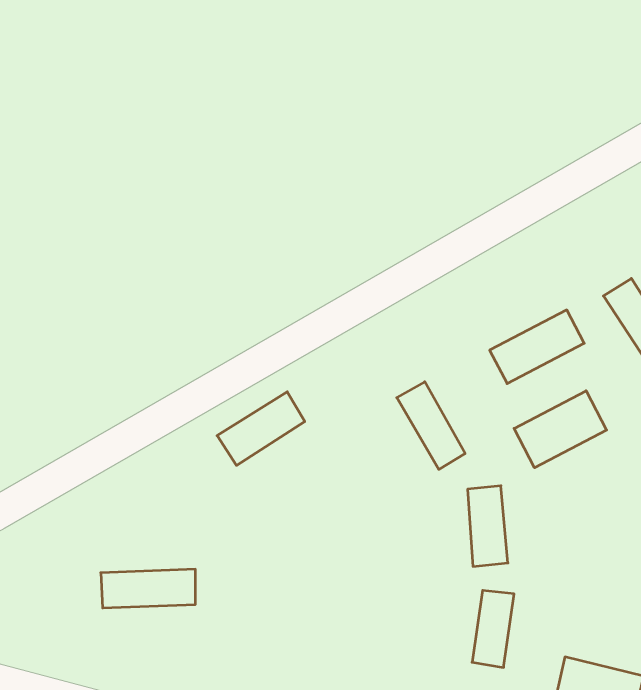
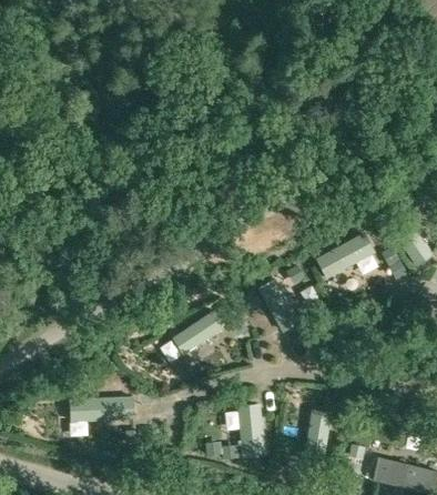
building: [514,391,607,468] -> none
building: [217,392,305,465] -> [170,309,225,355]
building: [468,486,508,566] -> [238,404,264,455]

